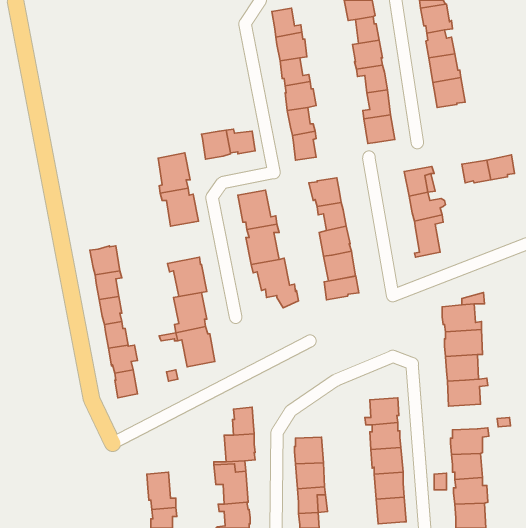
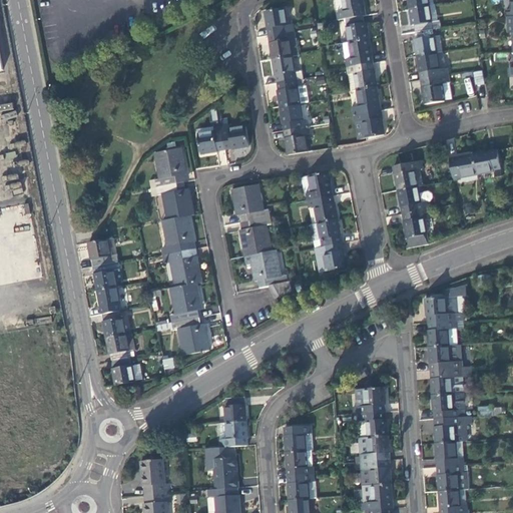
building: none -> [160,215,193,255]
building: [324,276,359,300] -> none
building: none -> [435,392,467,417]

